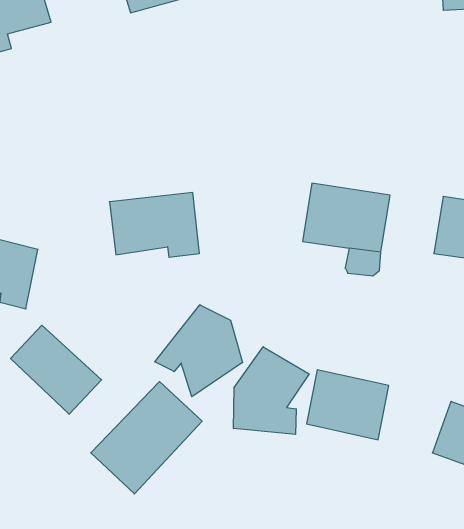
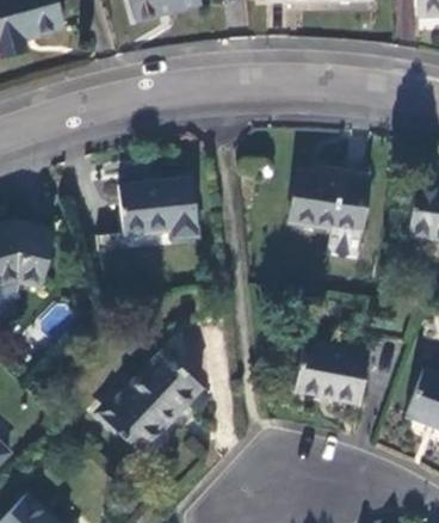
building: [155,305,243,397] -> none
building: [11,325,102,414] -> none
building: [234,347,309,434] -> none

